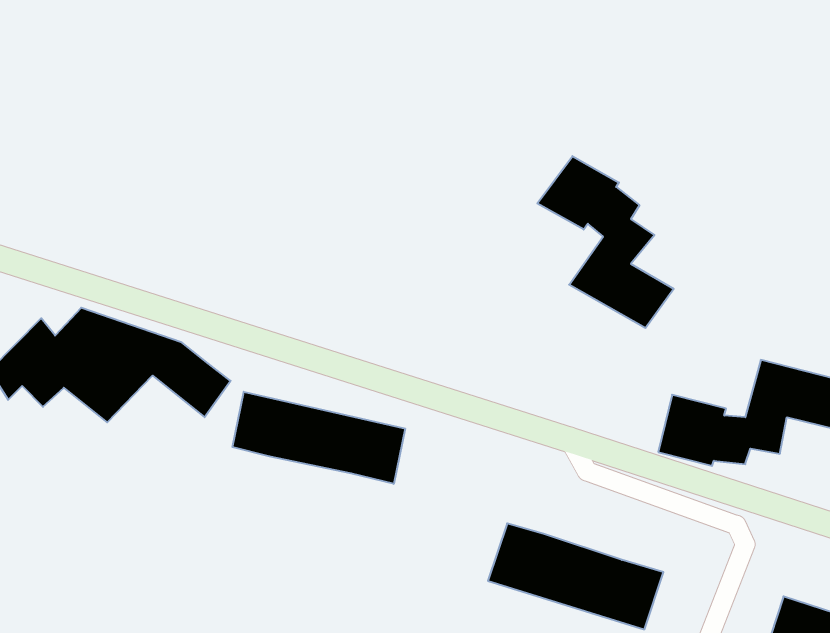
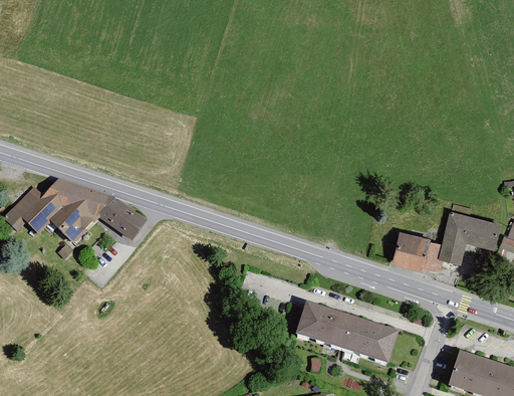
building: [537,156,674,328] -> none
building: [232,392,405,484] -> none

